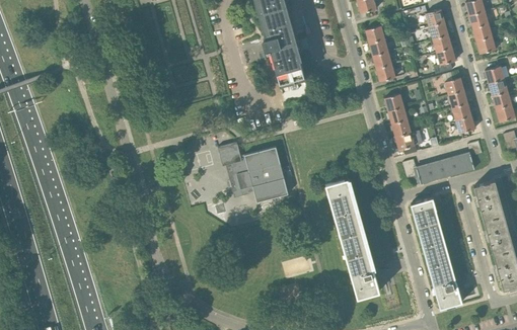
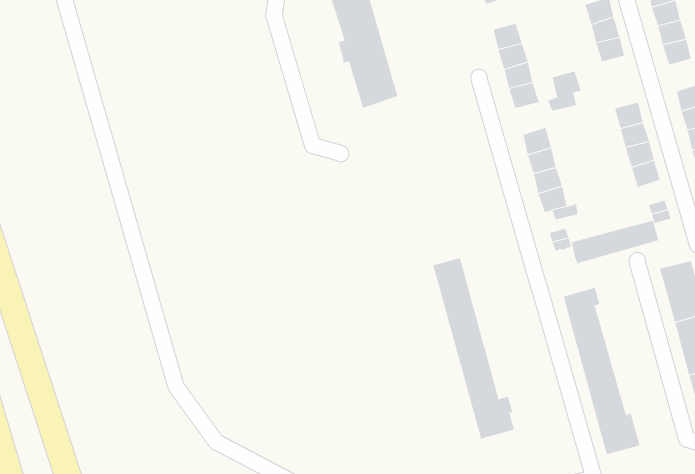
building: [433,47,455,73] -> [547,71,581,111]
building: [218,141,288,201] -> none

